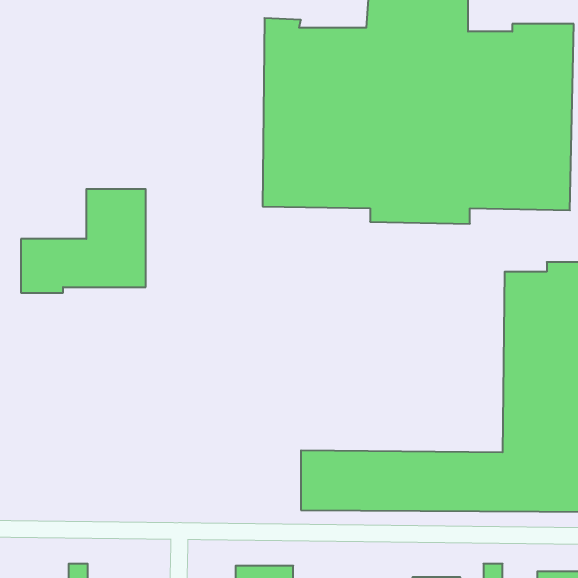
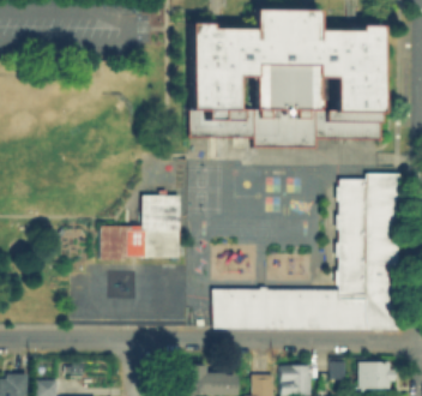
building: [21,189,146,293] -> [101,197,179,262]

